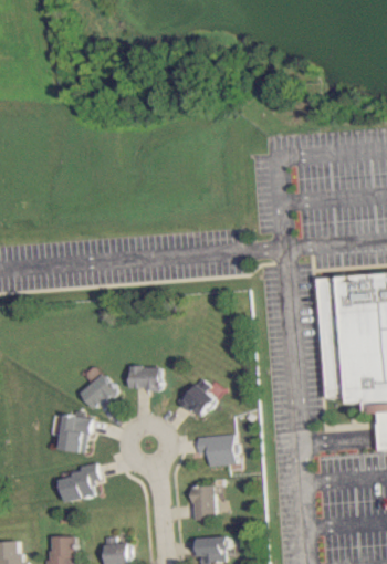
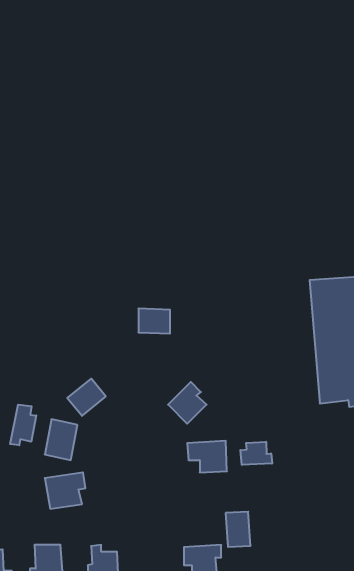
building: [129,366,160,390] -> [138,309,170,334]
building: none -> [10,405,36,445]
building: none -> [240,442,272,465]
building: [194,485,218,520] -> [226,512,251,547]

